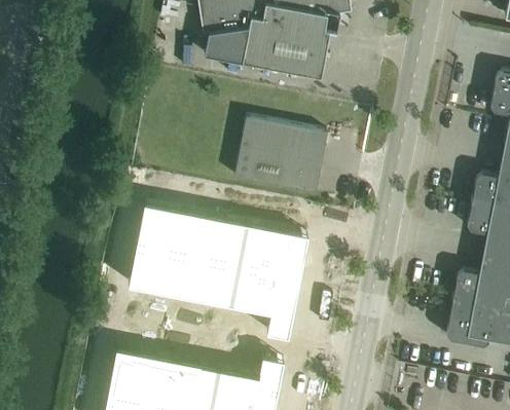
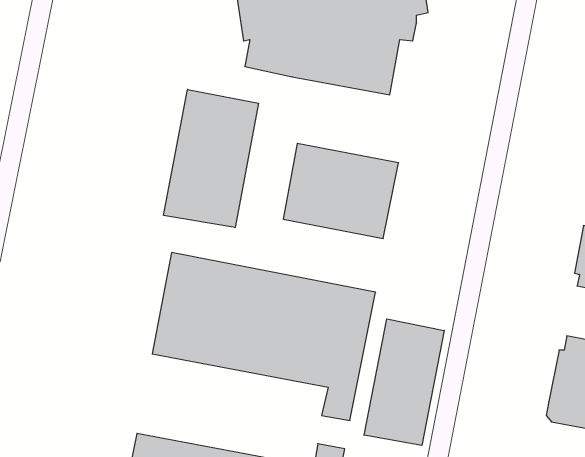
building: none -> [164,89,258,228]
building: none -> [364,319,444,445]

